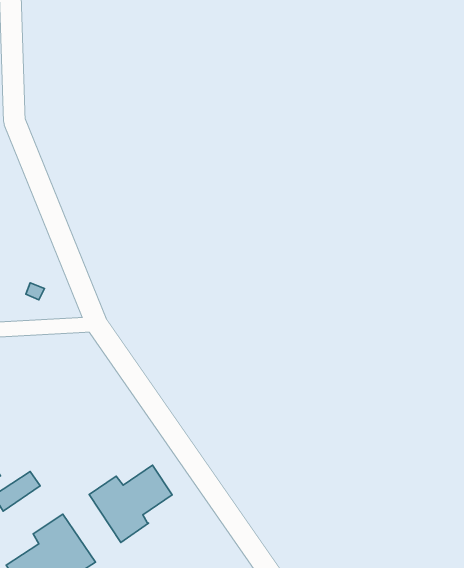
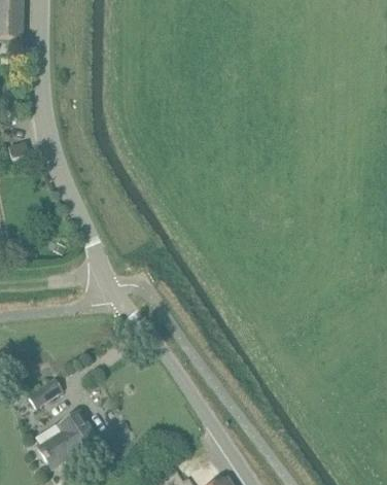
building: [89,465,172,543] -> none

